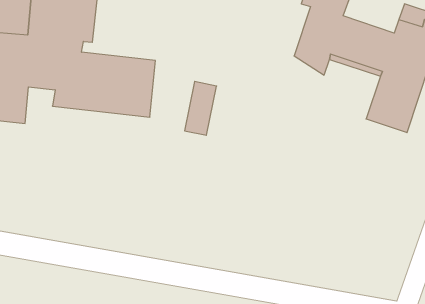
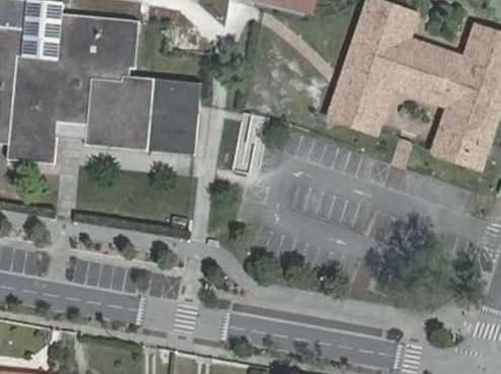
building: none -> [335,24,386,127]

